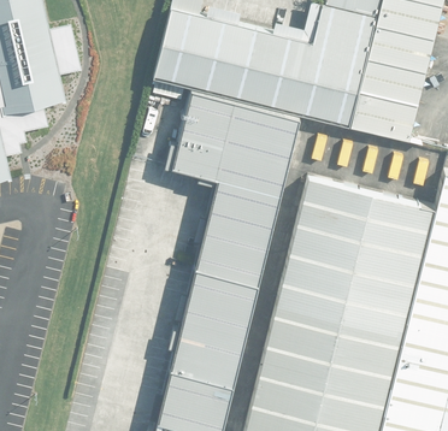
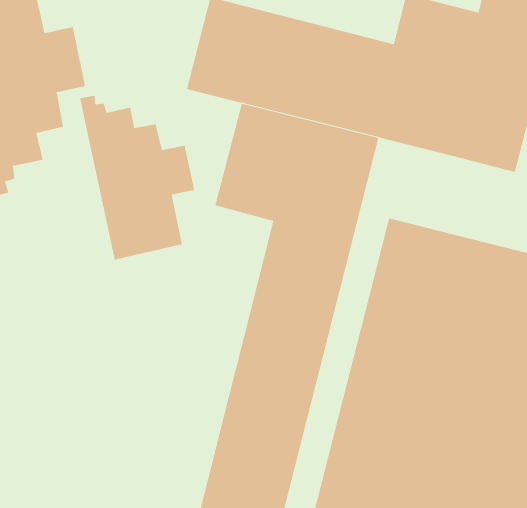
building: none -> [80,95,195,260]

